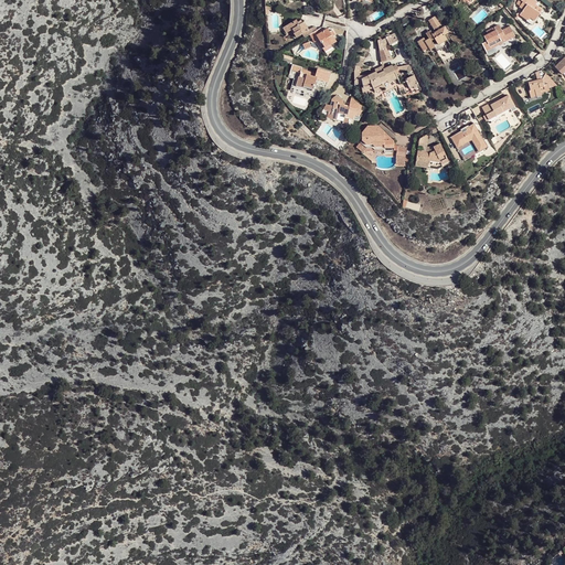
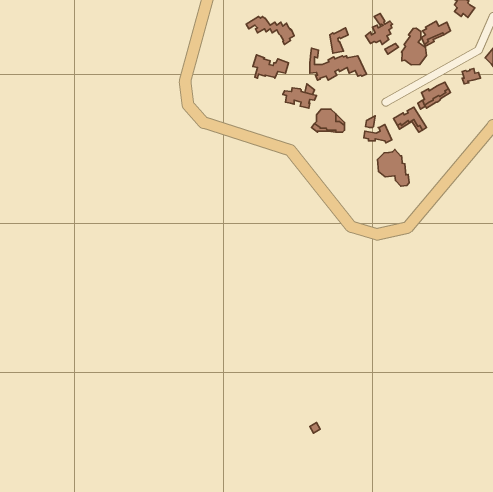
building: none -> [401,28,426,65]
building: none -> [377,149,409,186]

